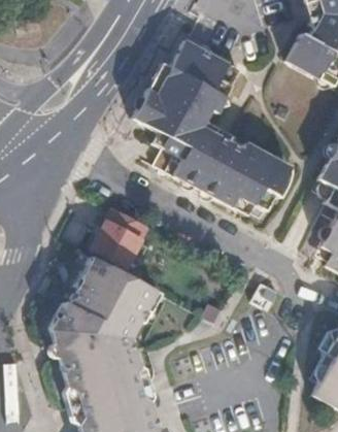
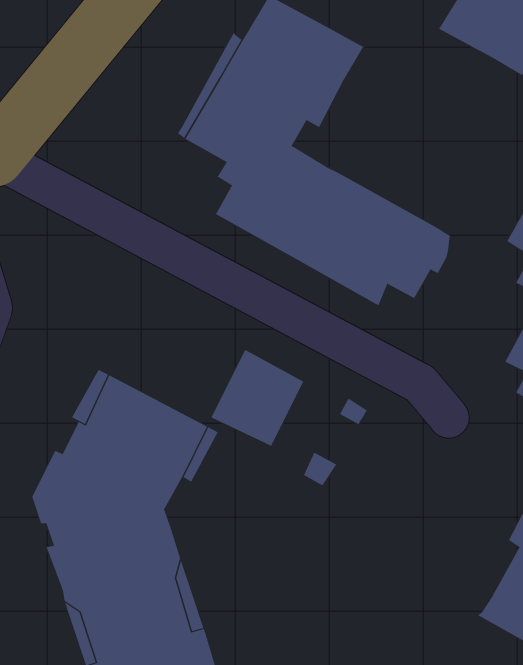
building: [93,204,146,260] -> [211,349,304,446]

